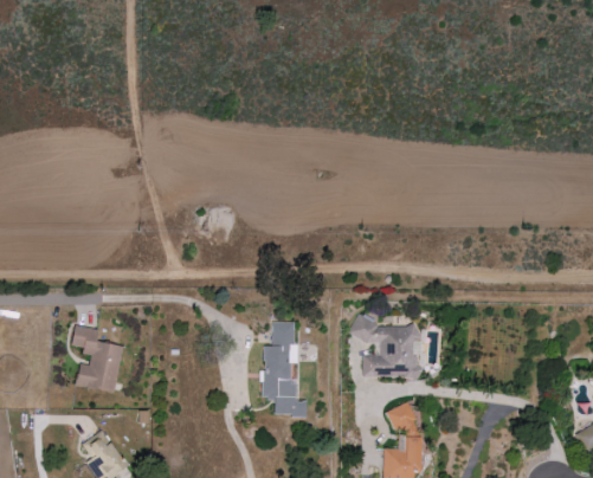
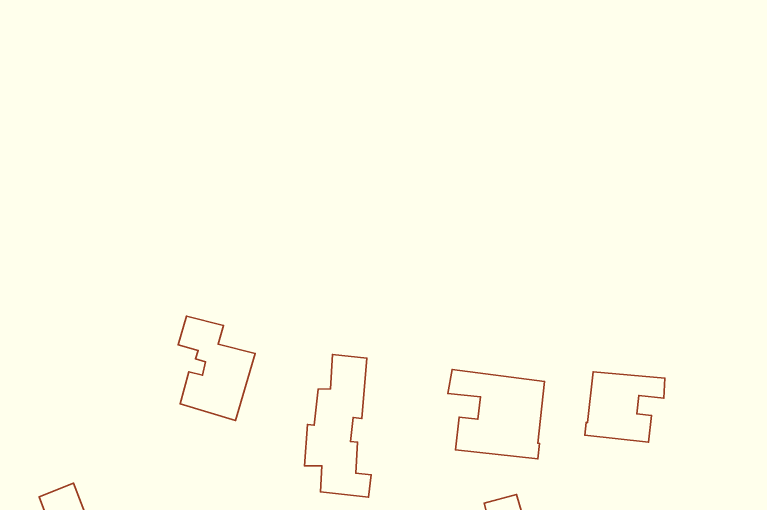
building: none -> [585,372,665,442]
building: [70,324,123,392] -> [178,316,255,421]

